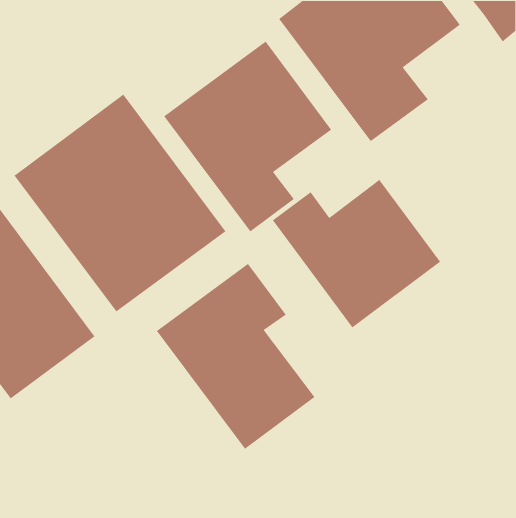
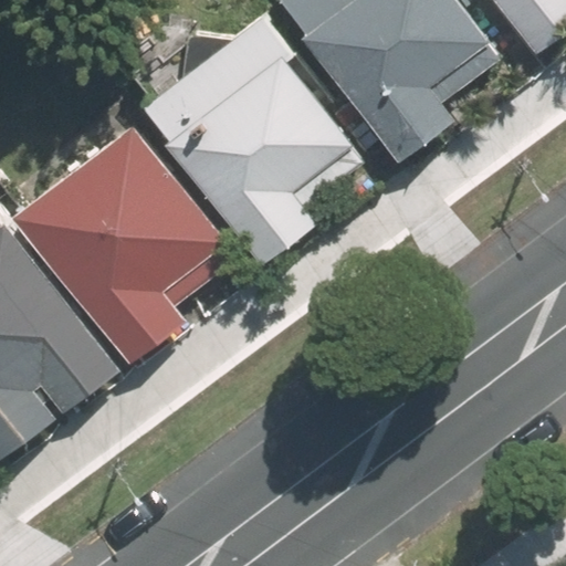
building: [272,179,441,329] -> none
building: [156,263,315,450] -> none

